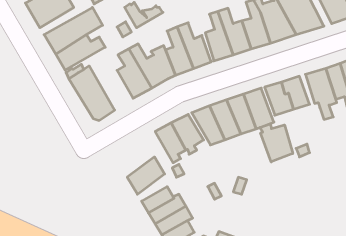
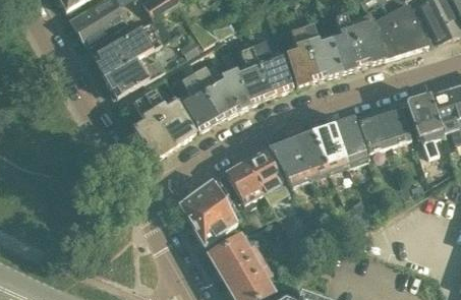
building: none -> [147,86,195,144]
building: [260,124,293,162] -> none
building: none -> [180,180,225,225]

